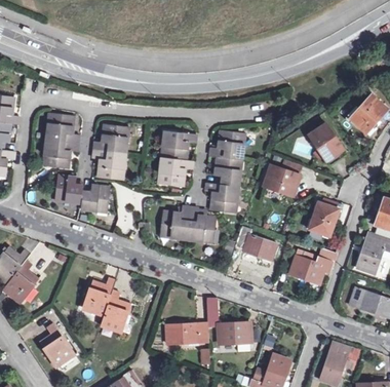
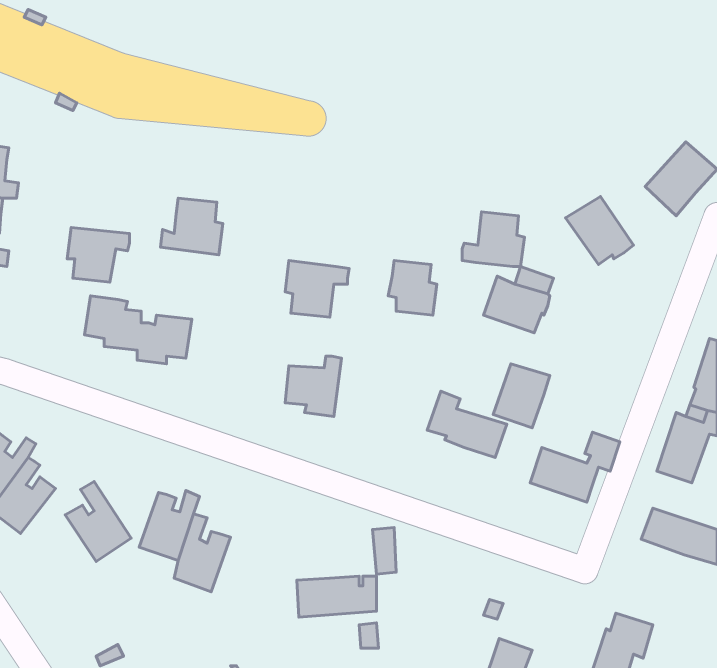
building: [46,114,78,143] -> none
building: [209,130,242,159] -> [462,212,524,266]
building: [161,131,196,160] -> none
building: [92,150,124,180] -> none
building: [205,183,237,212] -> none
building: [308,202,338,236] -> [493,364,550,428]
building: [185,208,215,241] -> none
building: [217,321,250,351] -> none
building: [38,323,73,365] -> [65,482,131,562]

